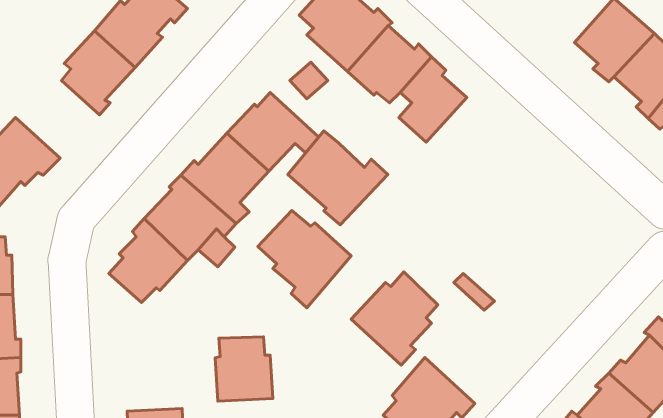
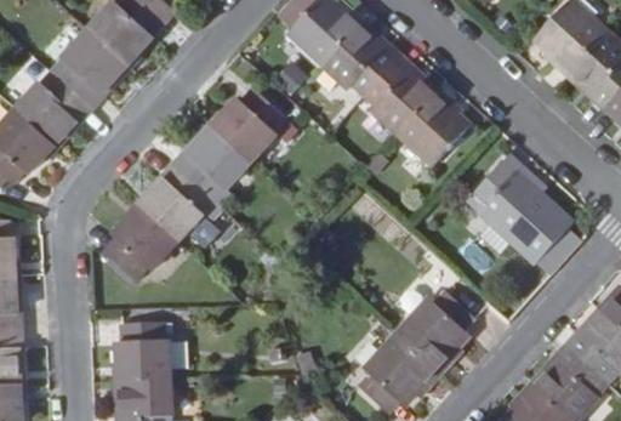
building: none -> [17,75,95,147]
building: none -> [397,86,471,165]
building: [288,131,388,225] -> none
building: none -> [467,152,577,272]
building: [258,211,351,308] -> none
building: [351,272,438,365] -> [395,288,475,374]
building: [215,337,273,401] -> [118,322,171,381]

